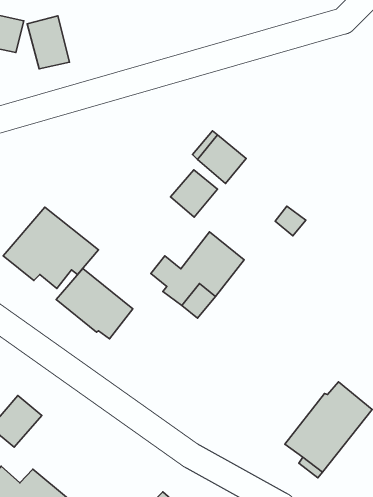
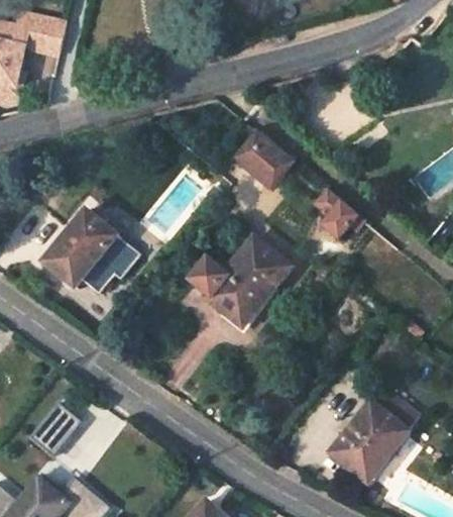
building: [27,16,70,69] -> none
building: [170,170,218,217] -> none
building: [56,269,133,339] -> none

